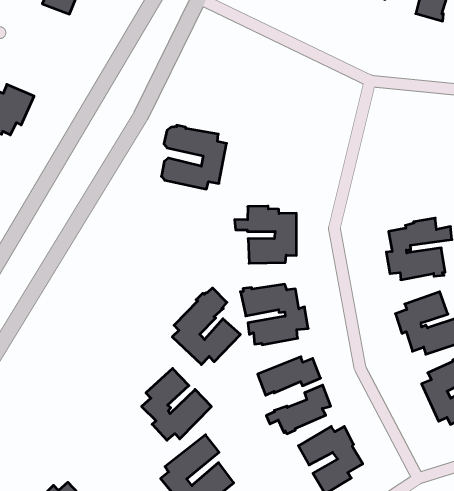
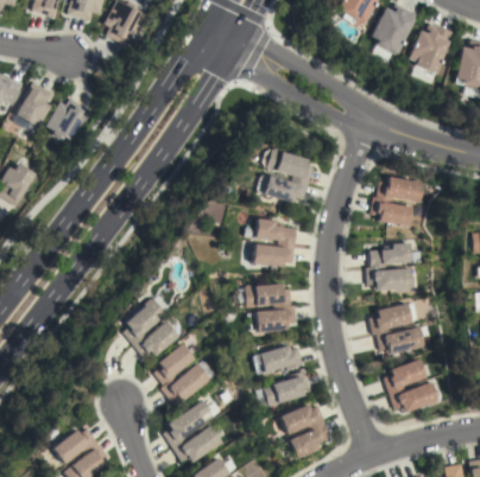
building: [161,125,227,189] -> [258,148,314,203]
building: none -> [372,177,425,227]
building: [172,288,240,365] -> [122,295,178,357]

